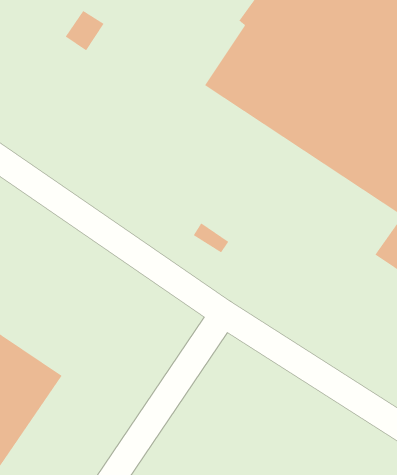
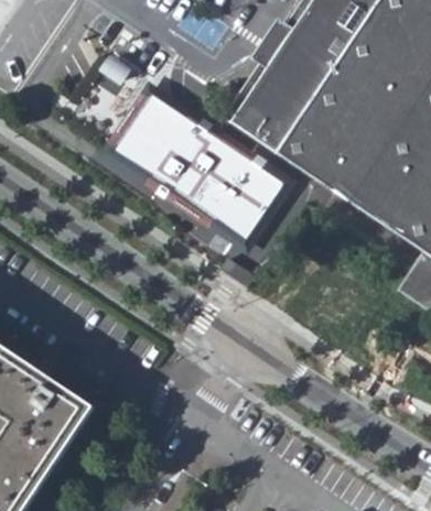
building: none -> [110,91,283,241]

